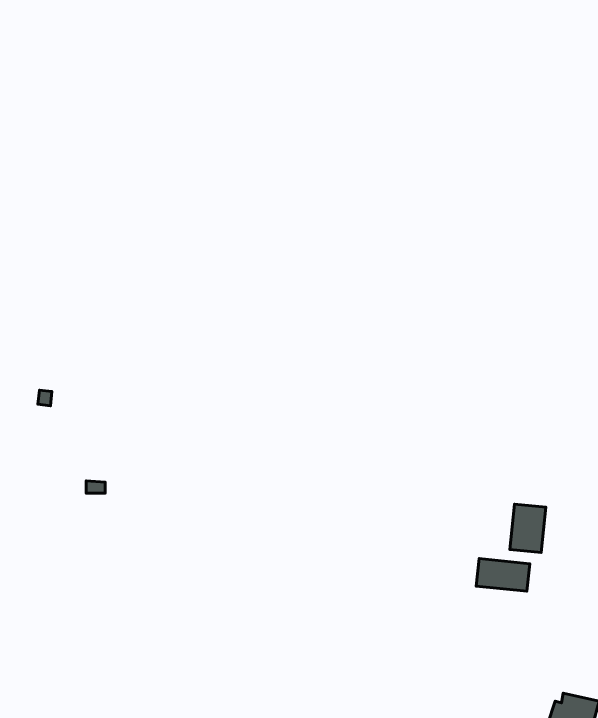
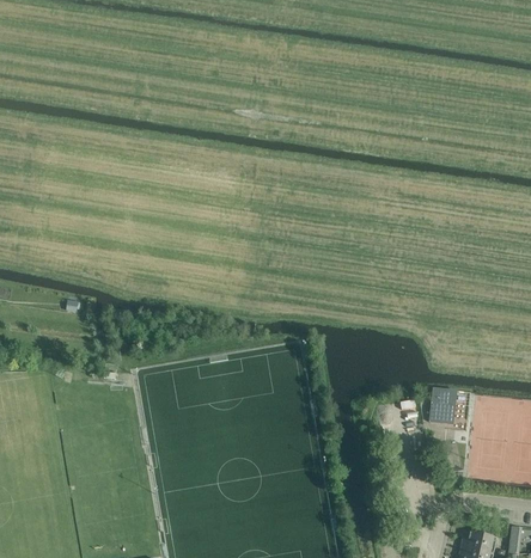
building: [476,559,530,591] -> none

